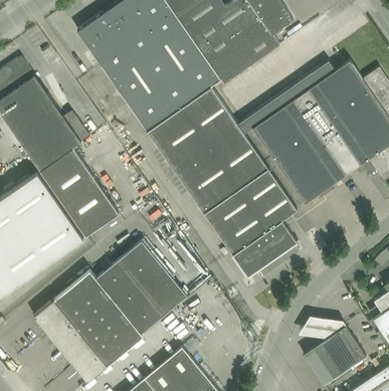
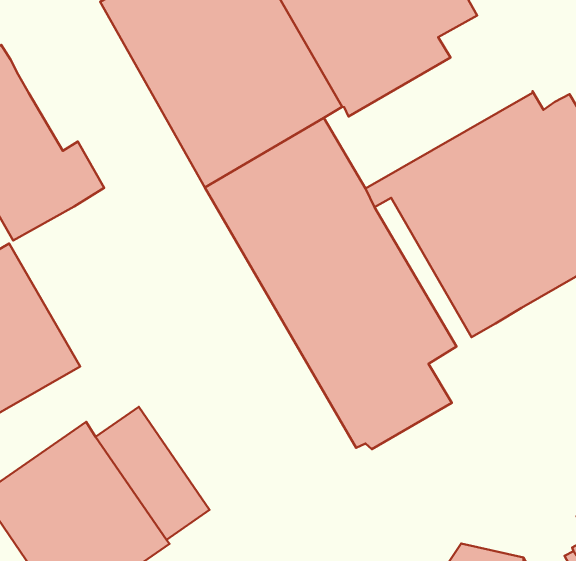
building: [40,149,120,237] -> none
building: [120,241,188,315] -> none

